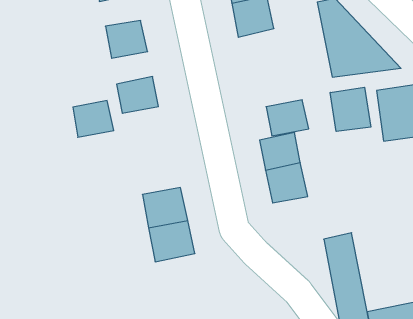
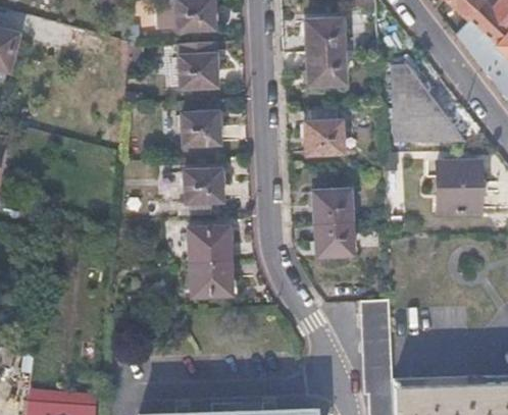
building: [330,87,371,131] -> none
building: [266,100,309,136] -> [300,121,339,152]
building: [73,101,114,137] -> [186,169,222,201]

